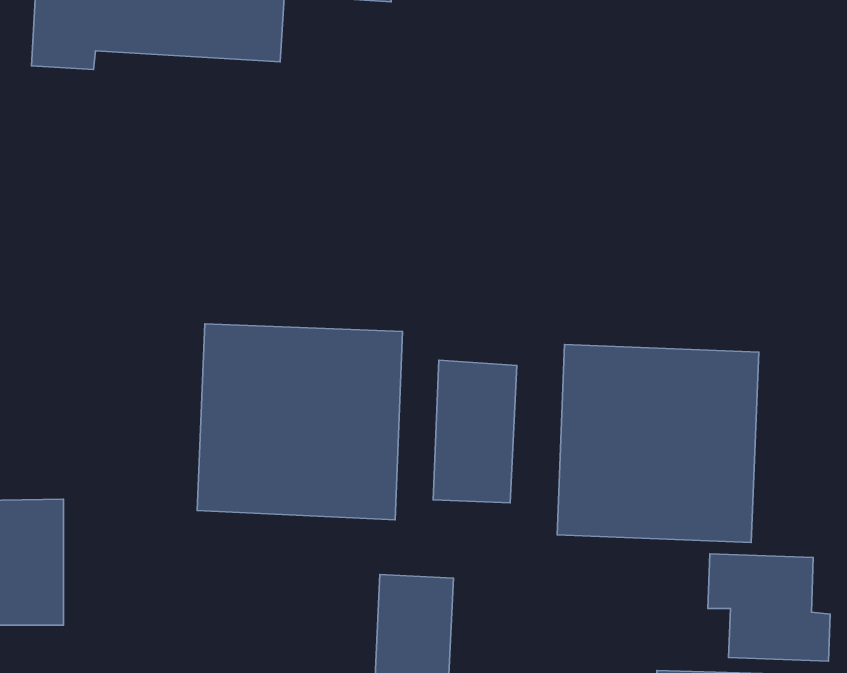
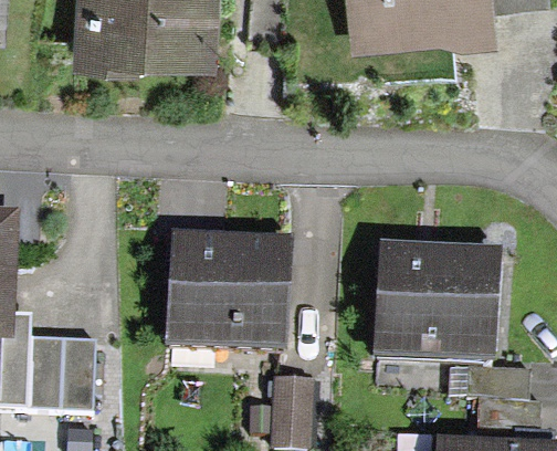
building: [433,360,517,503] -> none

